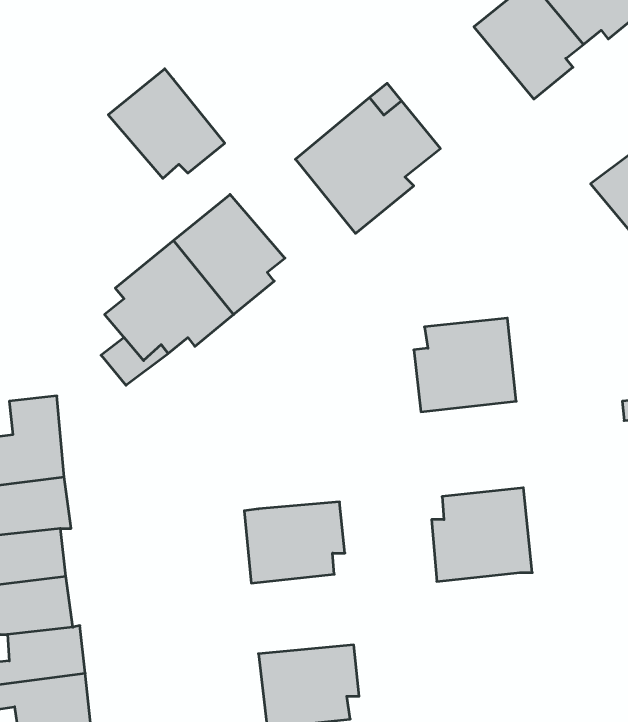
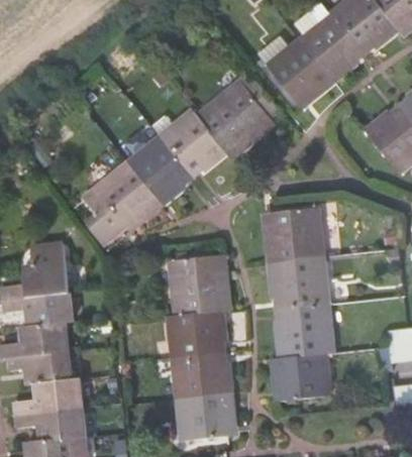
building: none -> [259,32,334,102]
building: [108,69,225,178] -> [161,109,227,172]
building: none -> [270,253,328,308]
building: none -> [171,255,230,315]
building: none -> [272,351,330,398]
building: none -> [173,352,231,397]

